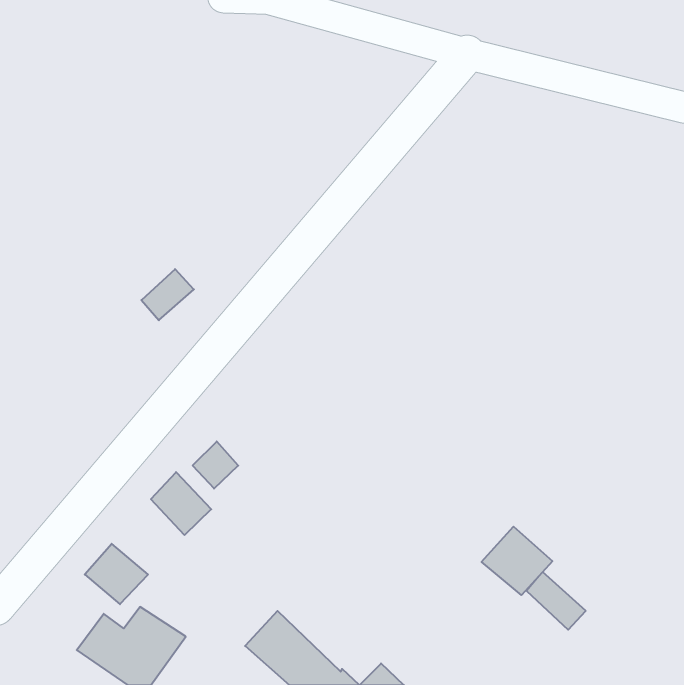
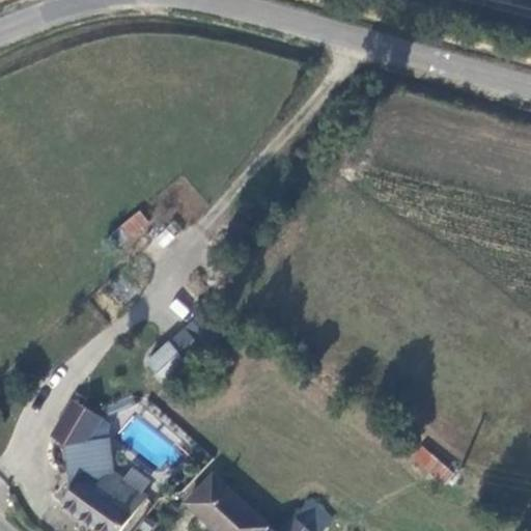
building: [151,472,211,535] -> none
building: [482,527,552,595] -> none

